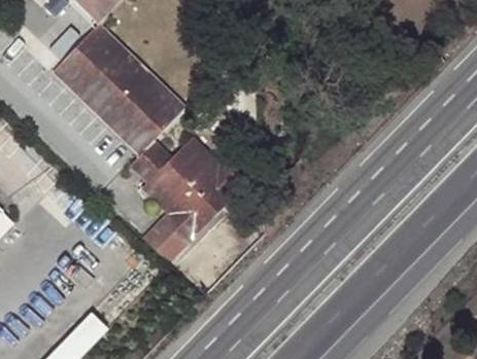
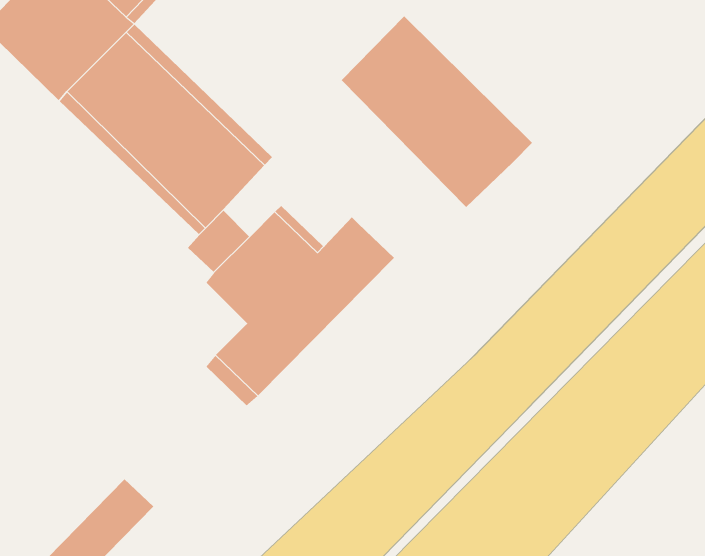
building: none -> [341,16,533,208]

